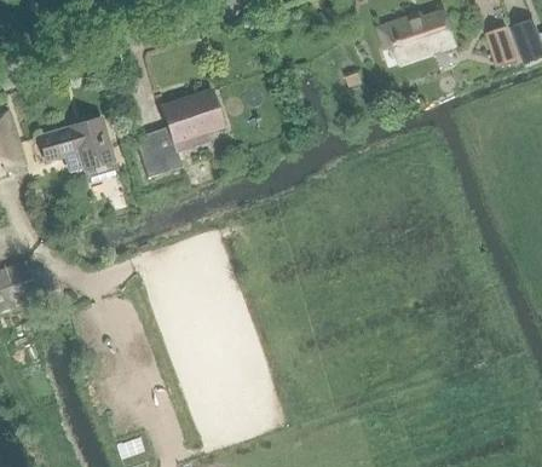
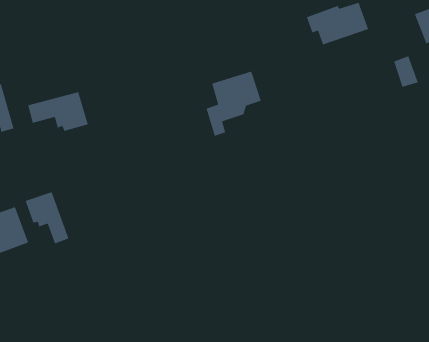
building: [484,25,515,65] -> [393,55,419,88]
building: [154,88,223,169] -> [205,70,262,137]
building: none -> [25,191,70,245]

